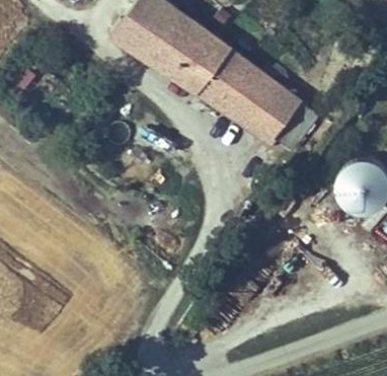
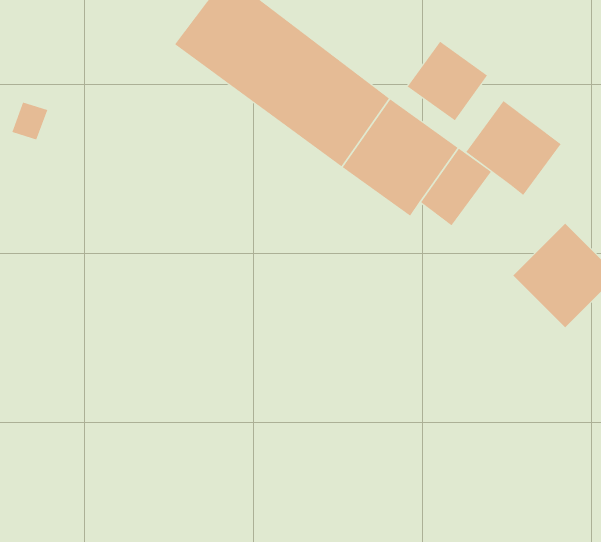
building: none -> [407,41,488,121]
building: none -> [465,100,562,196]

